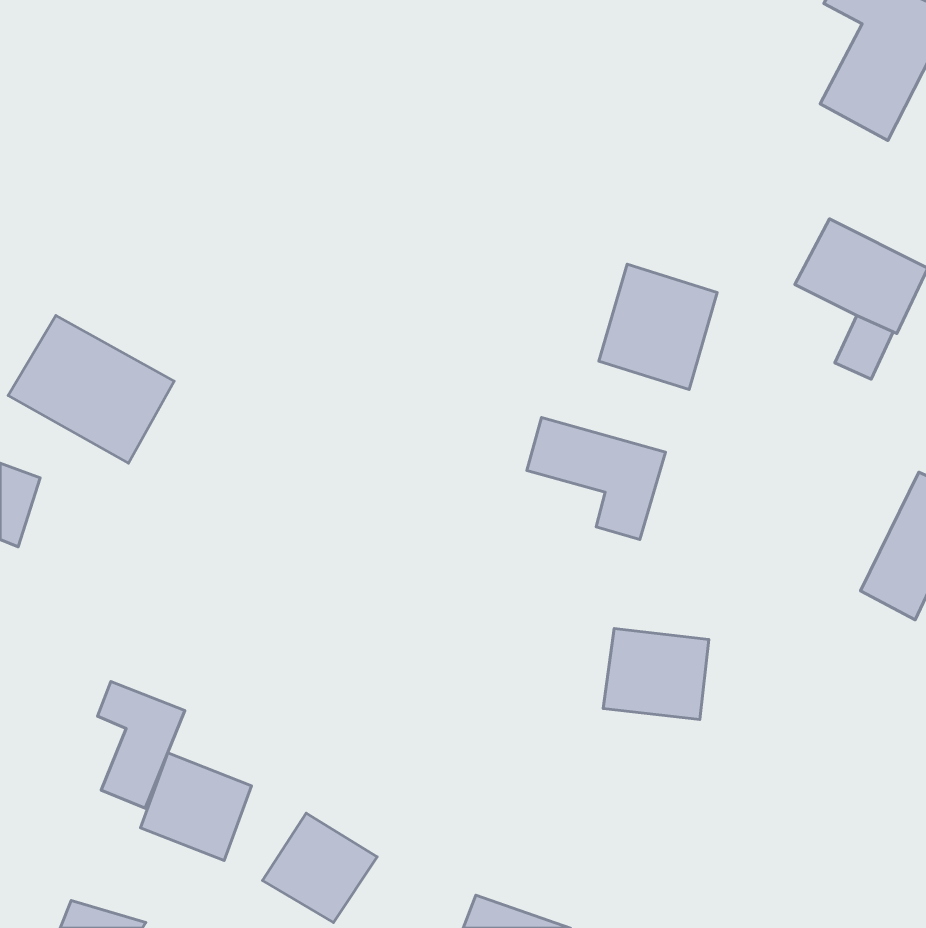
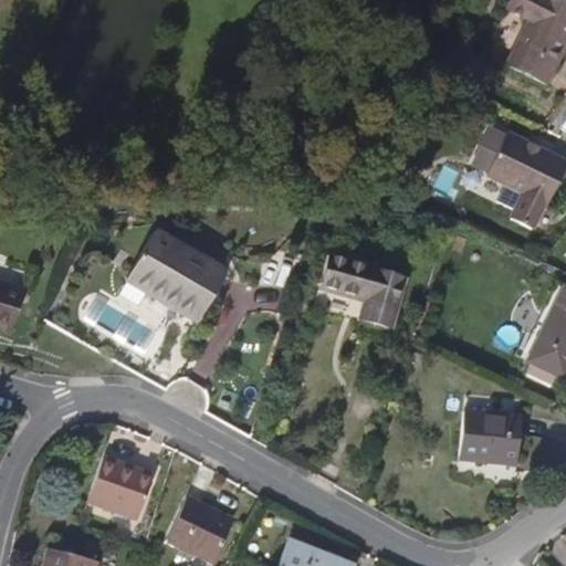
building: [599,264,717,389] -> none
building: [8,315,174,463] -> [126,234,227,324]
building: [603,628,709,720] -> [460,411,524,467]
building: [97,681,185,808] -> none

